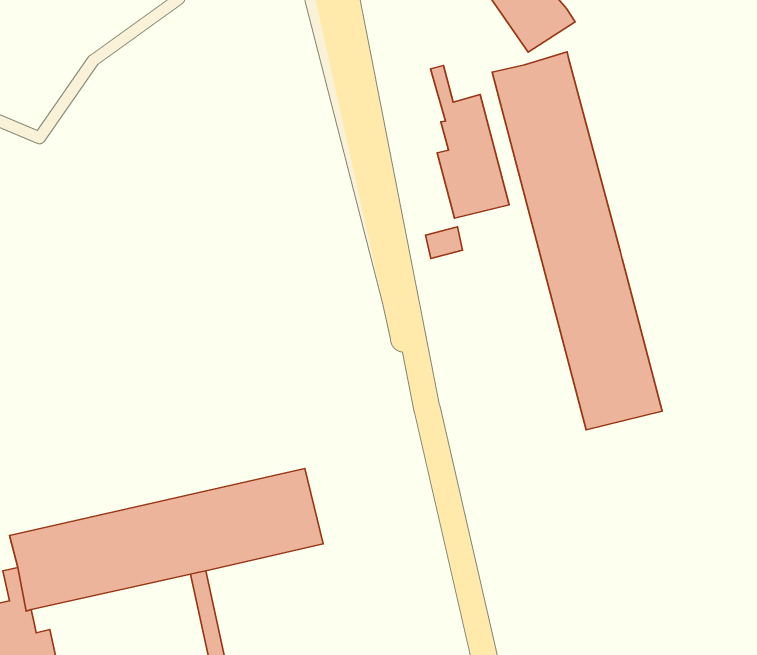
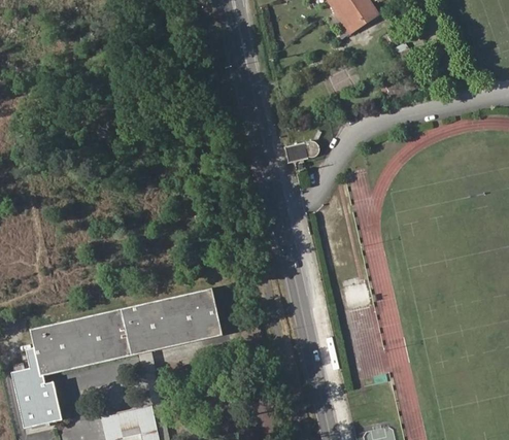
building: [492,52,662,430] -> none
building: [431,65,509,218] -> none

